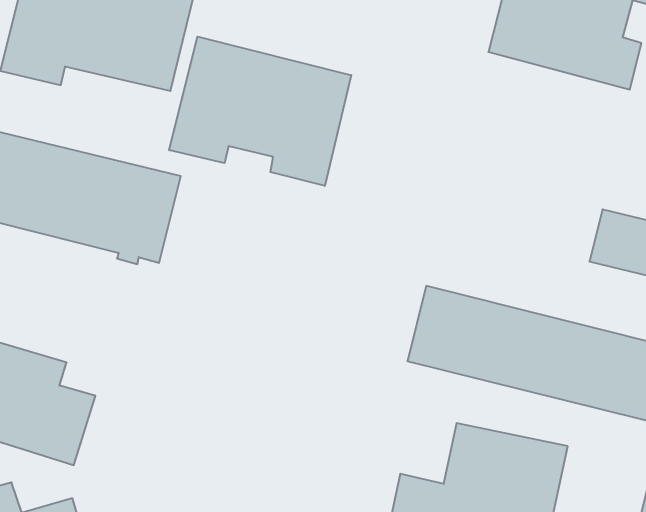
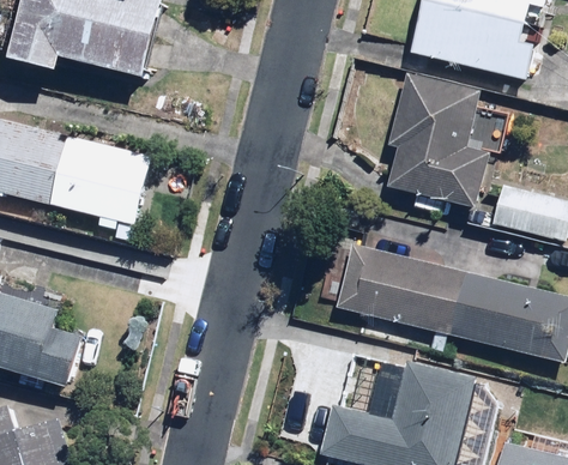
building: [169,37,351,186] -> none
building: none -> [383,70,490,206]

